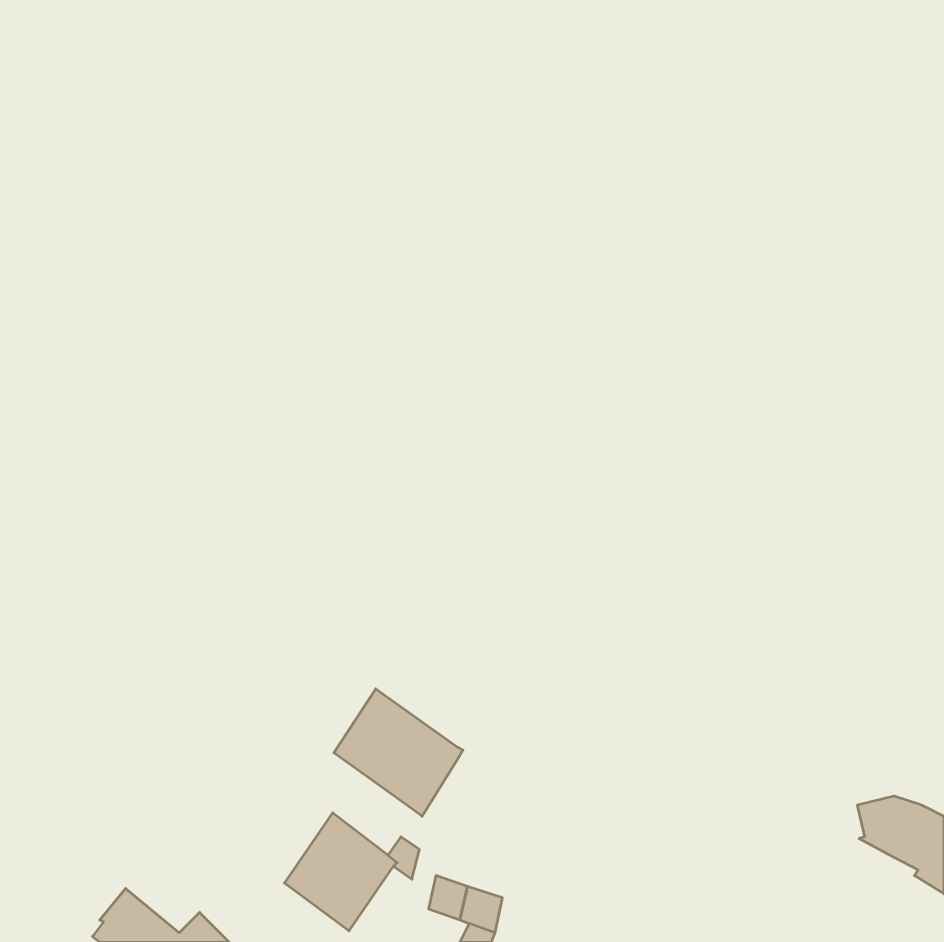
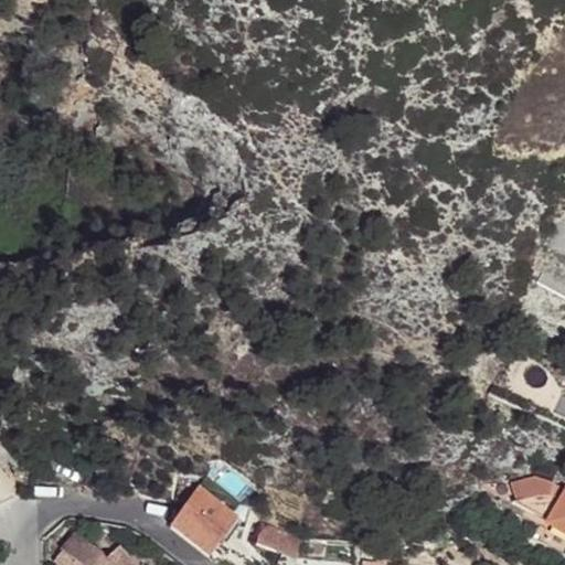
building: [334,689,463,816] -> none

